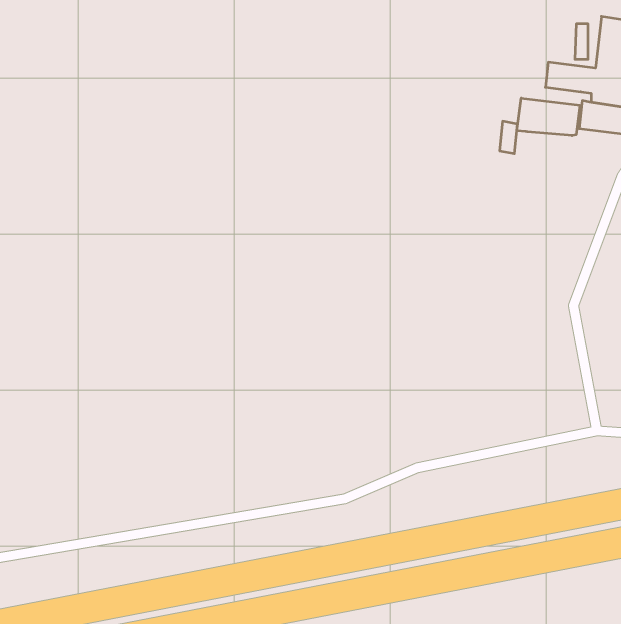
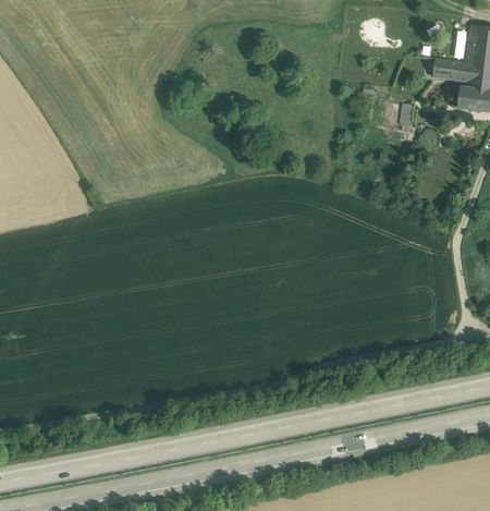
building: [517,98,580,136] -> none

